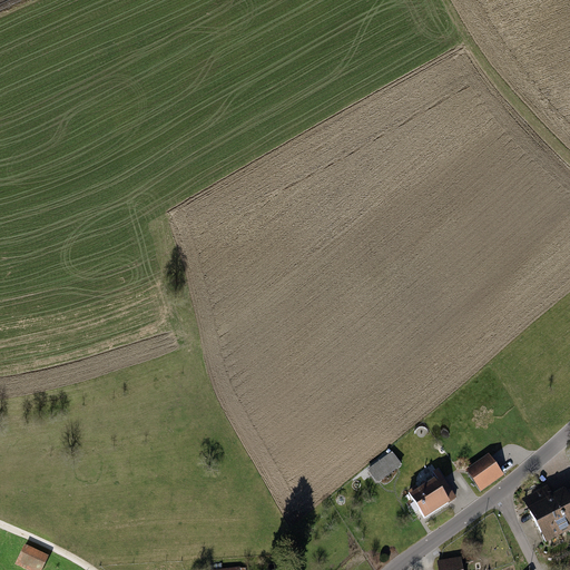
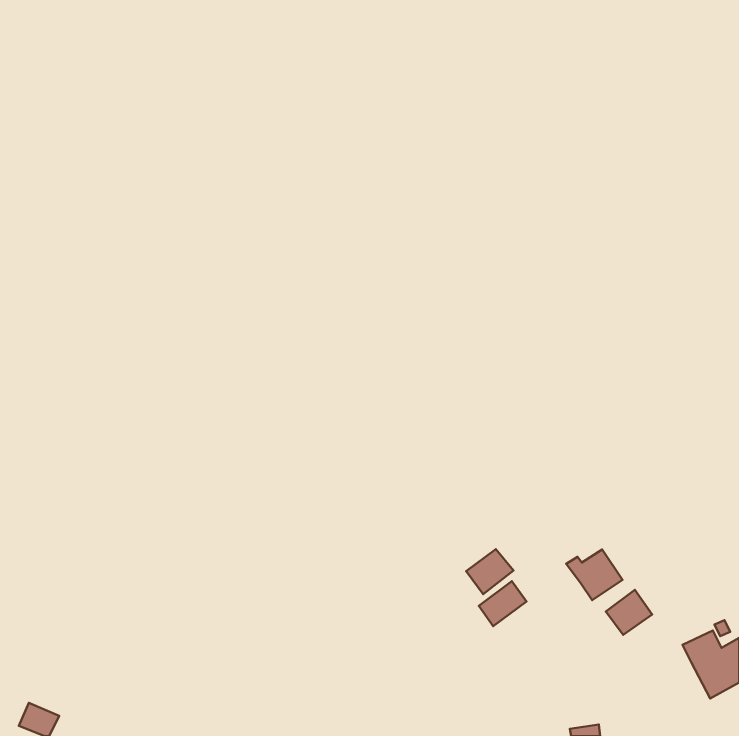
building: none -> [466,549,514,594]
building: [409,480,452,519] -> [566,549,622,600]

